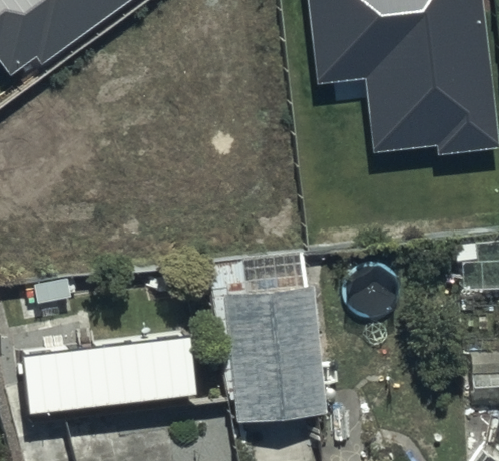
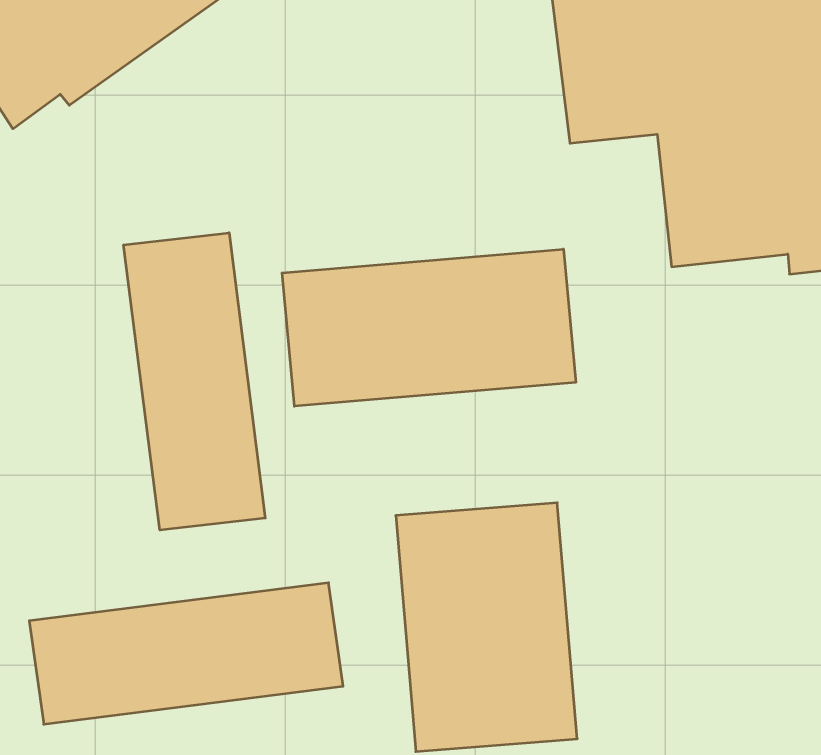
building: none -> [124,233,265,530]
building: none -> [282,249,576,406]

